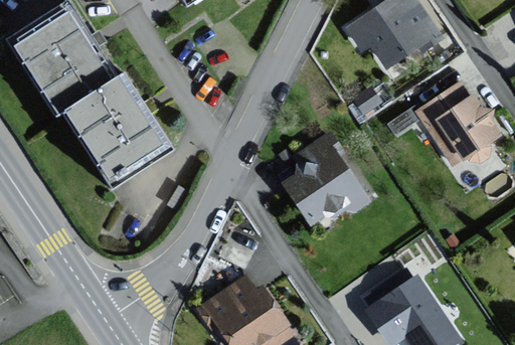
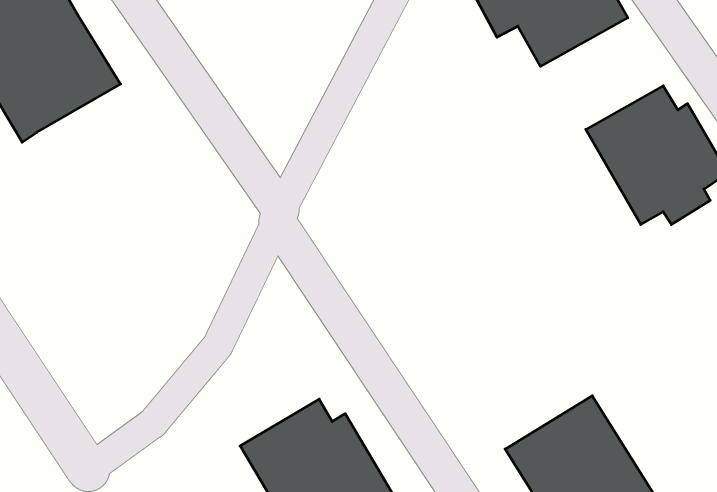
building: [70,74,182,191] -> none
building: [279,133,367,228] -> none

